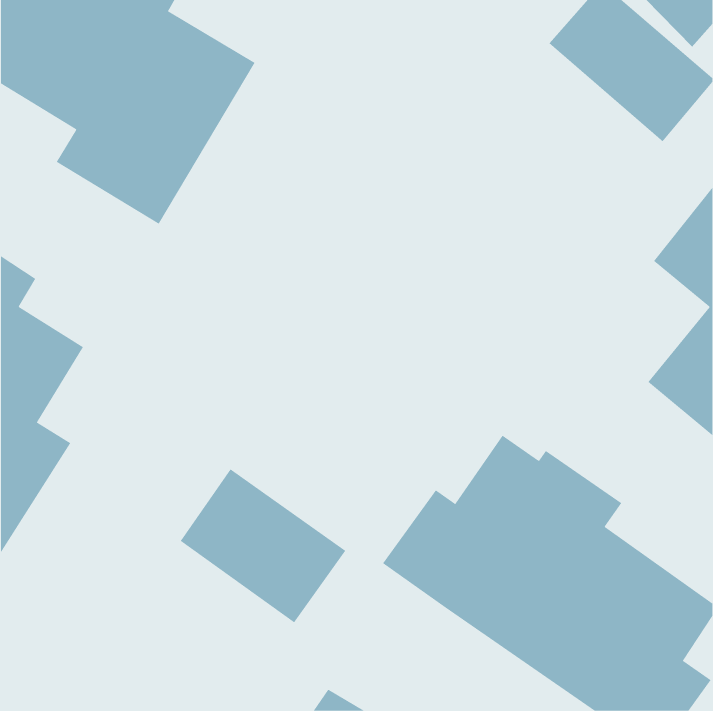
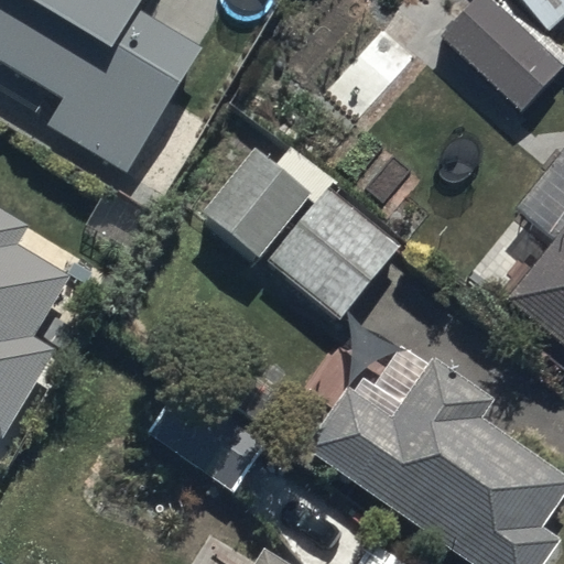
building: none -> [189,137,404,323]

